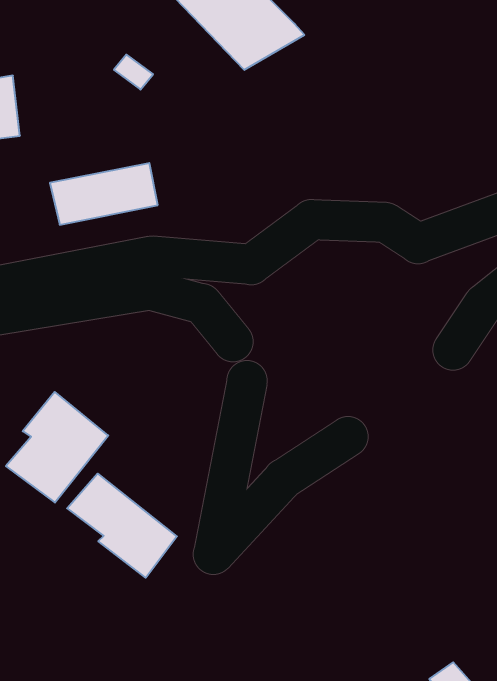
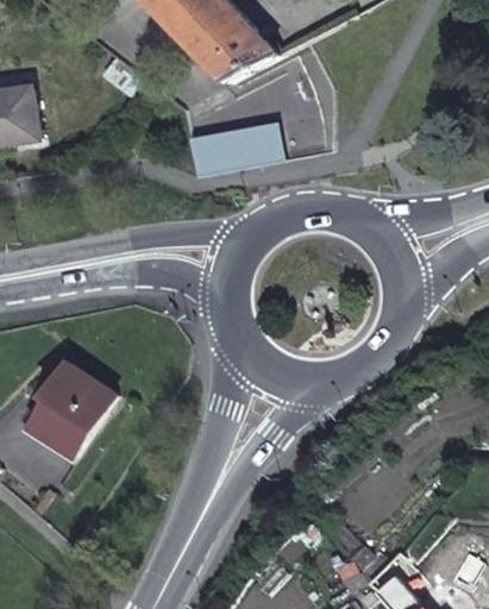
building: [50,163,158,225] -> [193,123,284,175]
building: [67,474,177,578] -> none

